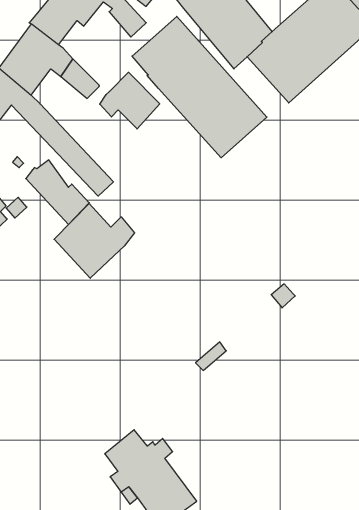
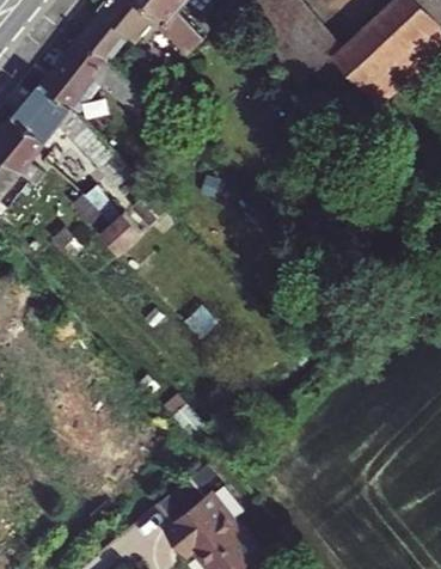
building: [132,16,267,158] -> none
building: [100,72,160,129] -> none
building: [54,204,135,278] -> none

